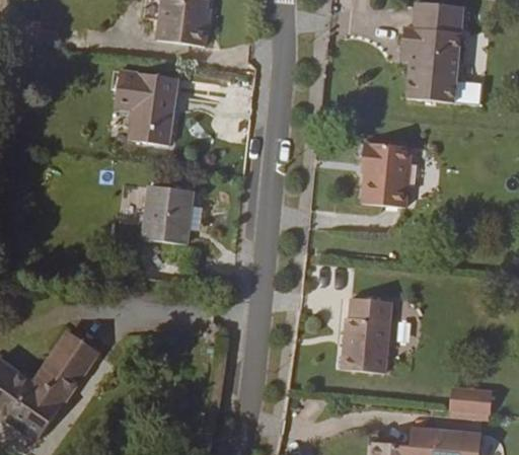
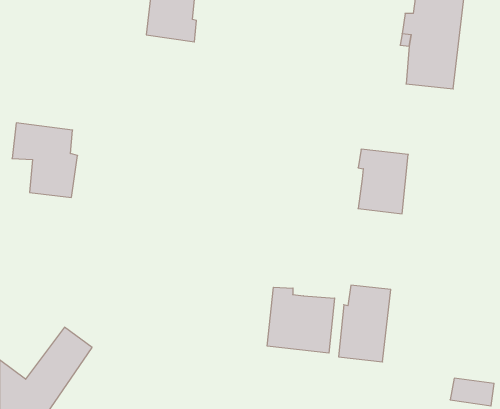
building: [110,73,175,147] -> [12,123,78,197]
building: [140,187,187,242] -> none
building: none -> [267,287,335,353]

